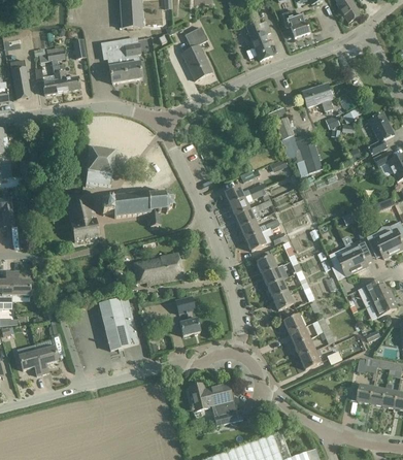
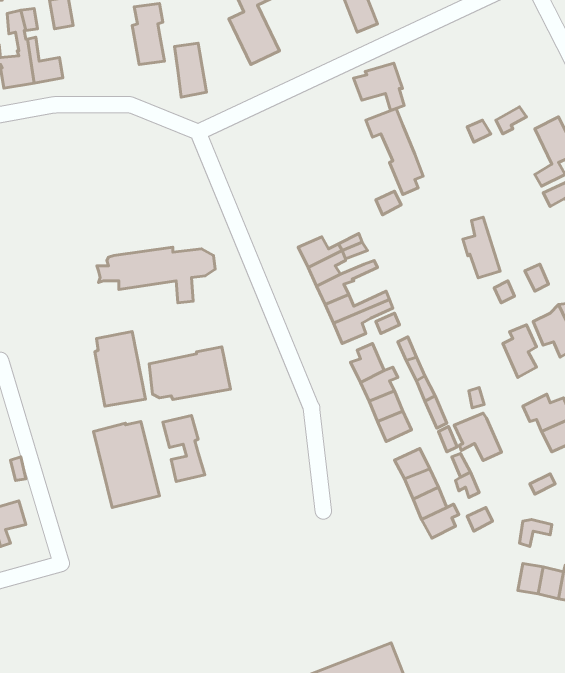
building: [106,50,126,83] -> [174,43,206,97]
building: [301,83,332,111] -> [353,63,404,110]
building: [299,135,322,172] -> [463,217,500,278]
building: [85,146,114,186] -> none
building: [67,195,98,240] -> [95,332,146,406]
building: [328,247,357,275] -> [454,413,502,461]
building: [173,295,199,335] -> [163,415,205,481]
building: [189,383,242,425] -> none

